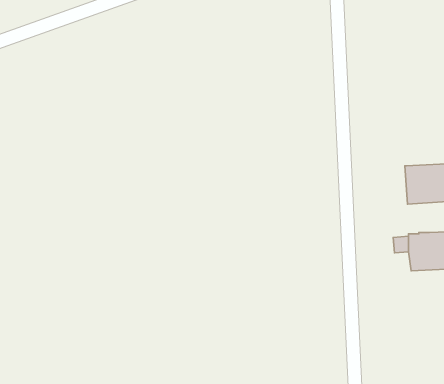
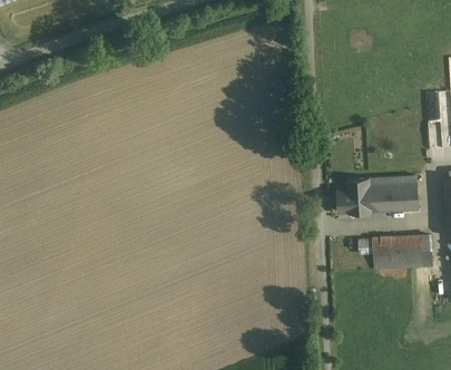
building: none -> [340,177,373,212]

